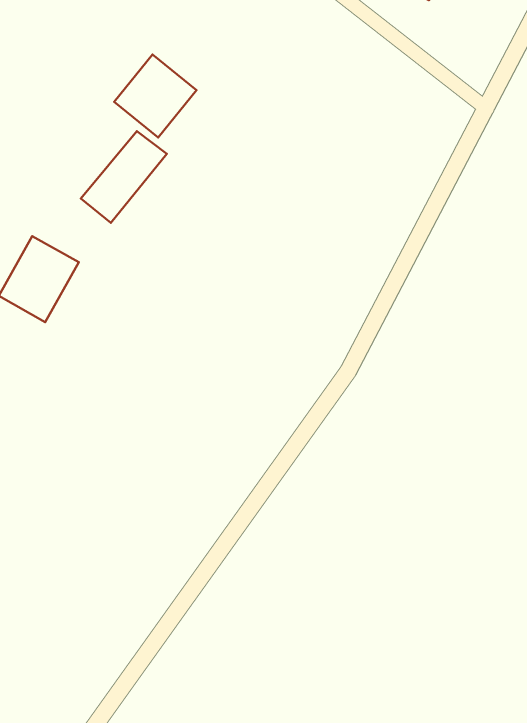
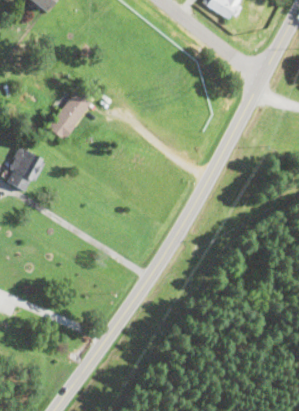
building: [114,54,197,138] -> none

